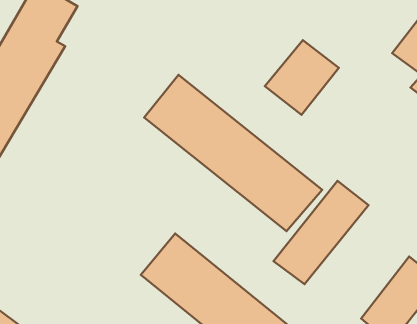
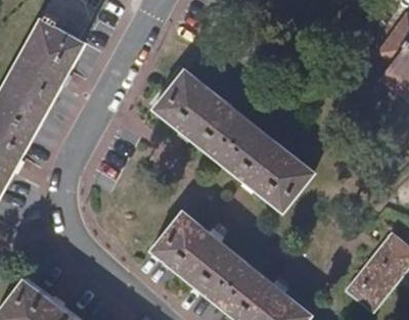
building: [265,40,339,115] -> none
building: [273,181,369,284] -> none

